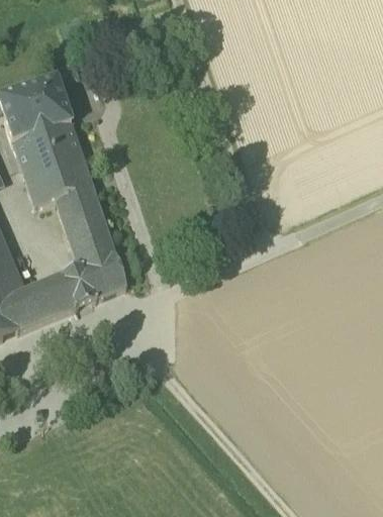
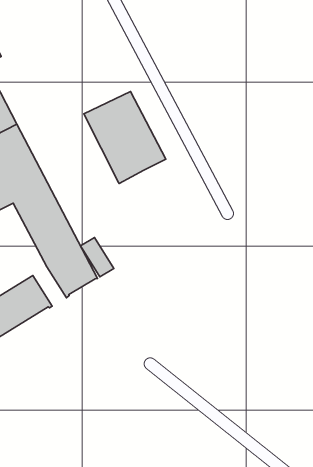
building: none -> [84,91,166,183]
building: [65,269,94,308] -> [80,237,114,277]

